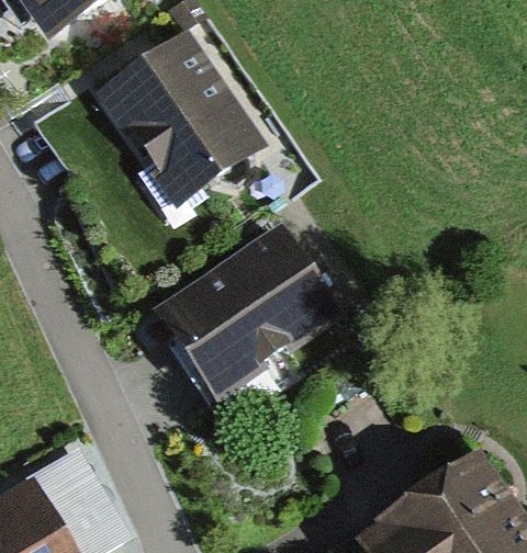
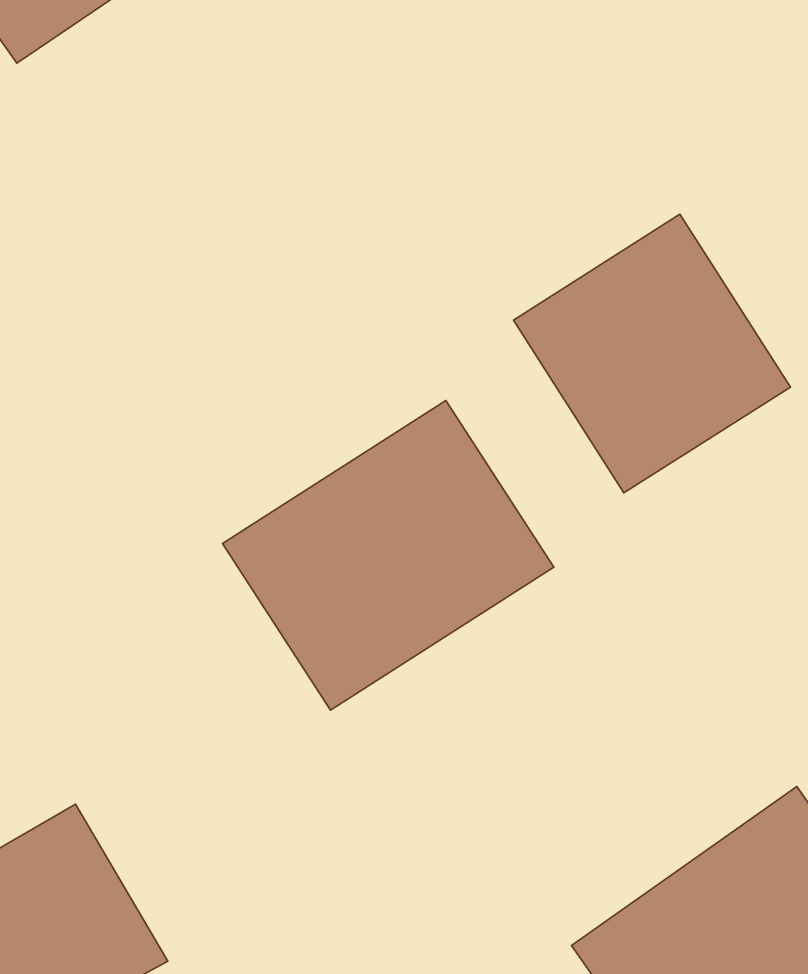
building: [91,30,262,206] -> none
building: none -> [513,214,790,493]

